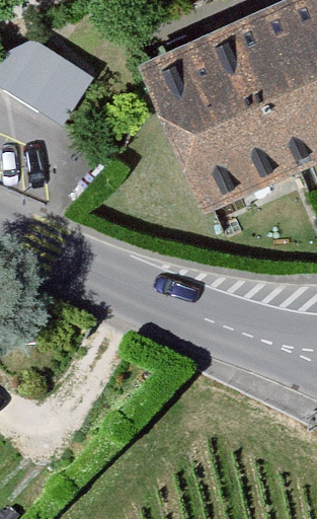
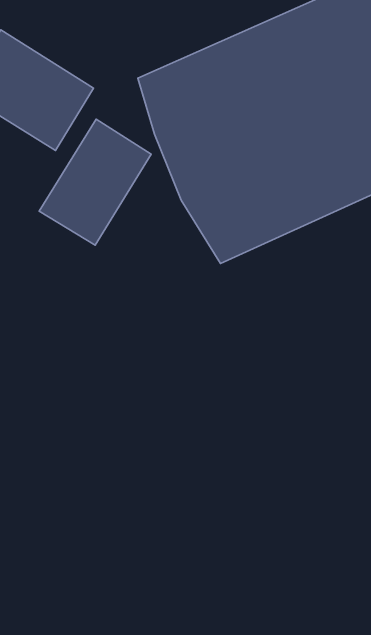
building: none -> [39,119,151,245]

